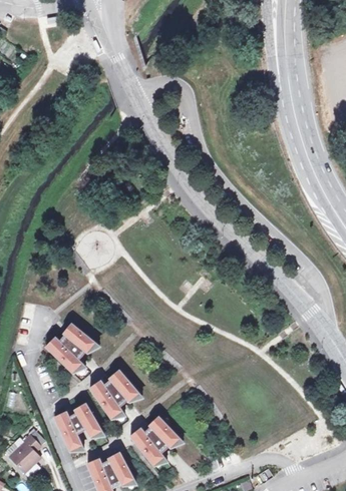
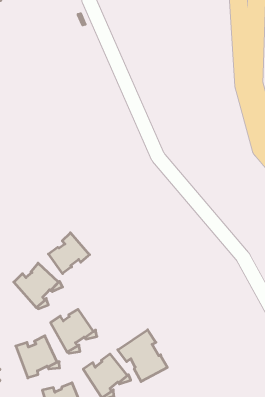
building: none -> [48,233,90,274]
building: none -> [118,330,167,382]

